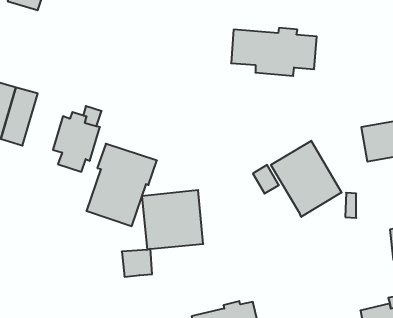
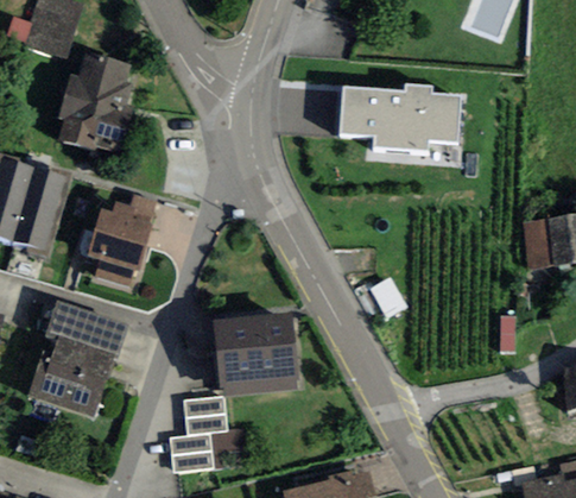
building: none -> [57,50,133,152]
building: [271,141,342,217] -> none
building: [86,144,157,226] -> [29,301,128,417]
building: none -> [170,433,213,473]

